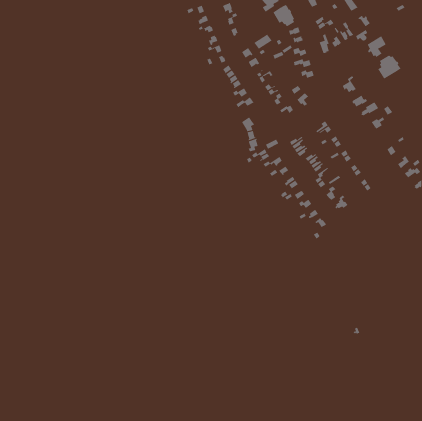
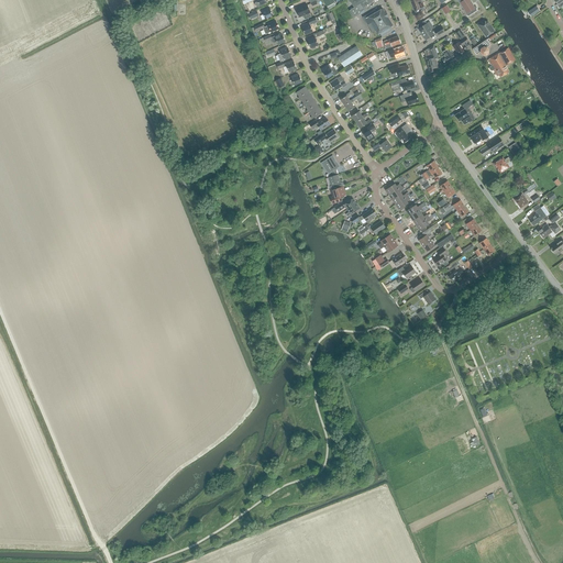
building: [377,54,401,79] -> none

